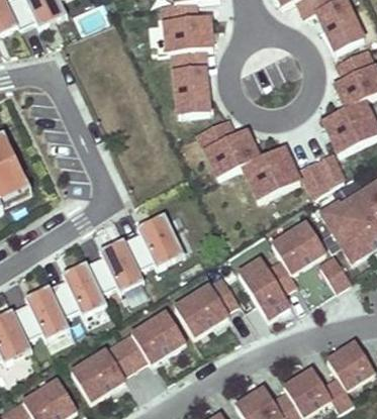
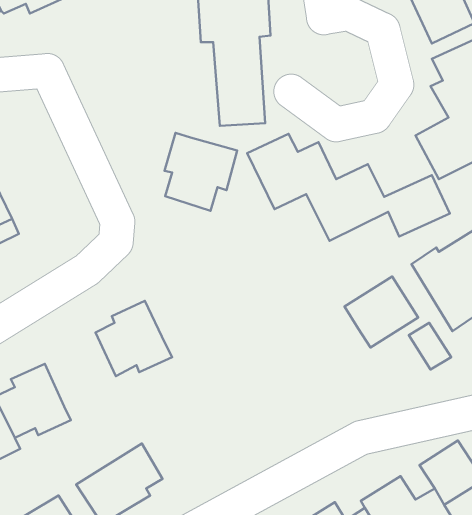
building: none -> [165,133,237,211]
building: [122,214,183,271] -> none
building: [237,258,295,319] -> none
building: [49,263,105,317] -> none
building: [176,280,240,340] -> none
building: [120,315,186,371] -> none

